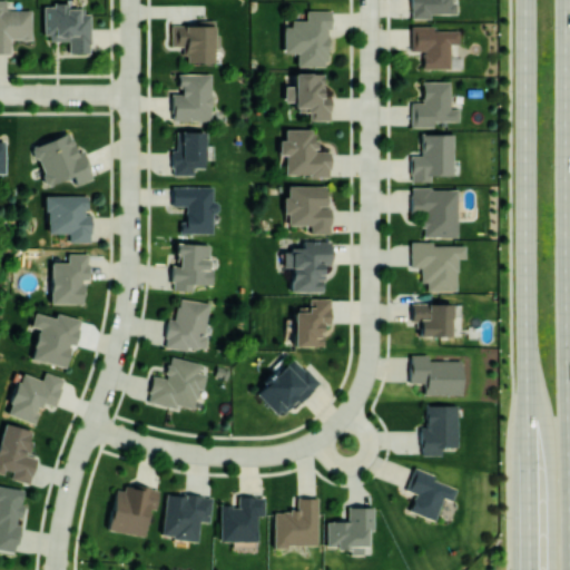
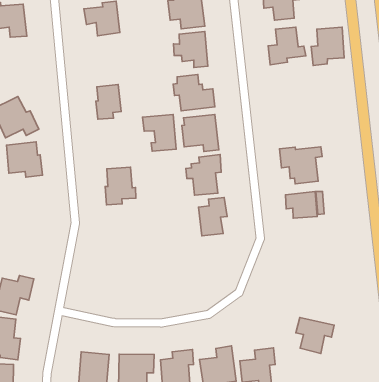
building: [174,75,214,122] -> none
building: [412,135,456,183] -> [311,27,344,65]
building: [174,187,215,235] -> [143,115,176,151]
building: [412,189,460,238] -> none
building: [52,255,89,305] -> none
building: [166,301,210,352] -> none
building: [31,314,82,368] -> none
building: [256,356,318,420] -> none
building: [411,356,463,396] -> none
building: [148,358,205,412] -> none
building: [422,406,460,456] -> none

